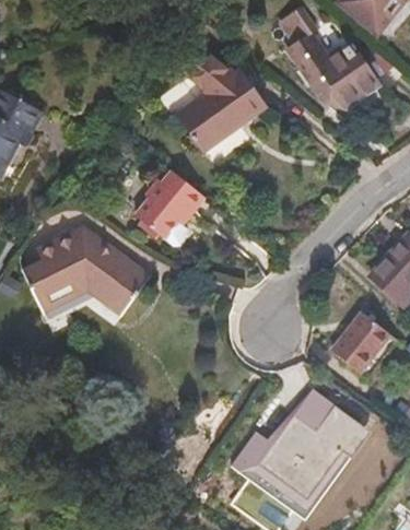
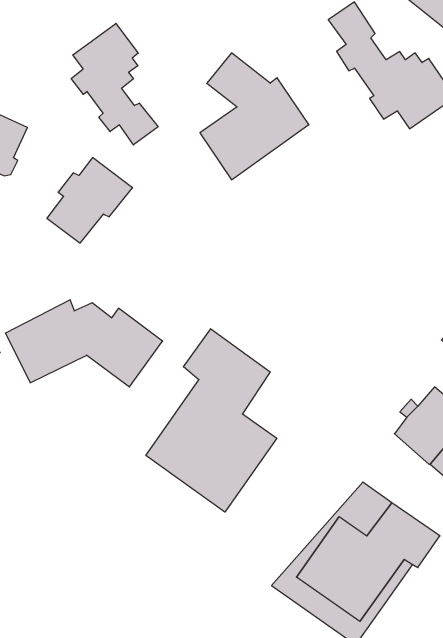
building: none -> [71,23,158,145]
building: [137,174,204,242] -> [47,158,133,243]
building: none -> [146,329,277,512]

